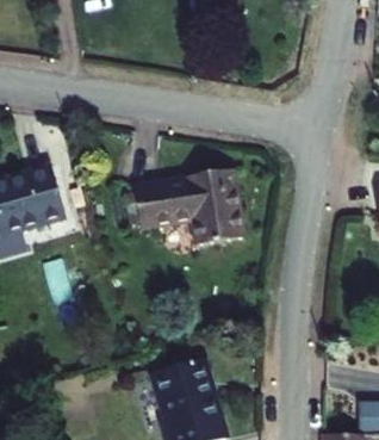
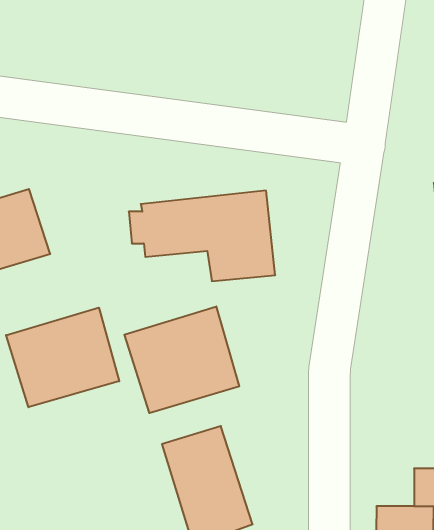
building: none -> [124,306,239,413]
building: none -> [6,308,119,407]

